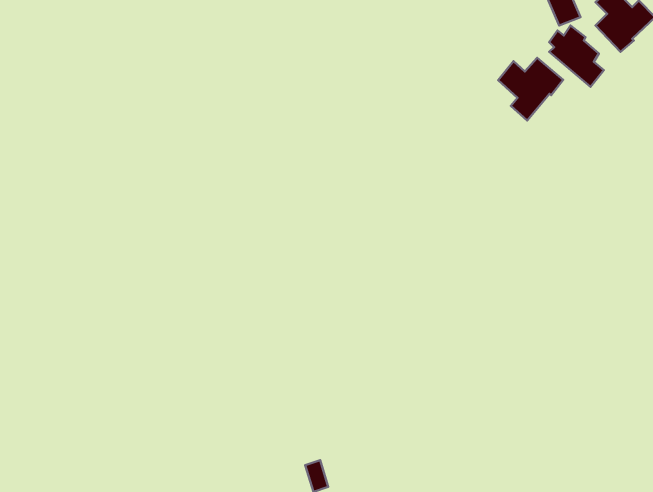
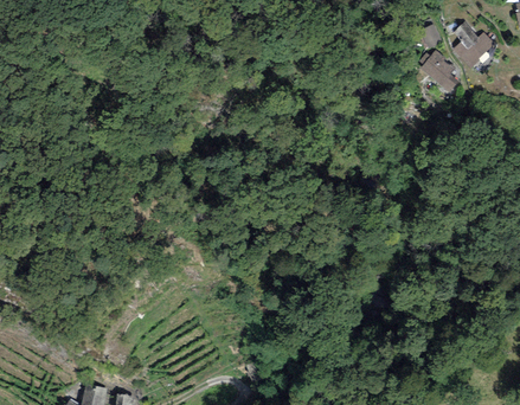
building: [498,58,563,121] -> none

